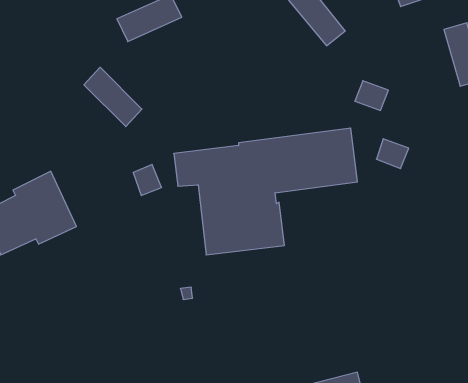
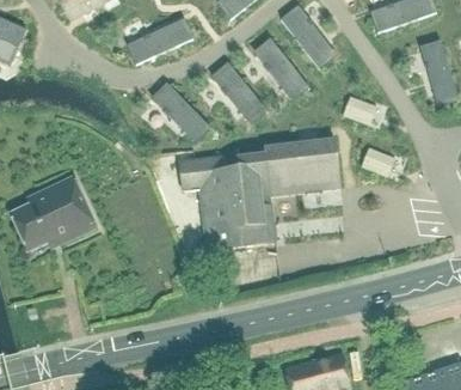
building: none -> [256,41,305,96]
building: none -> [213,65,263,120]
building: [84,67,142,127] -> [154,85,205,138]

